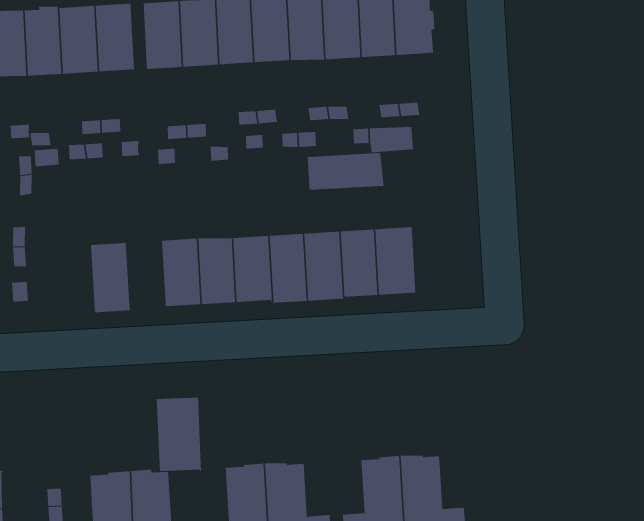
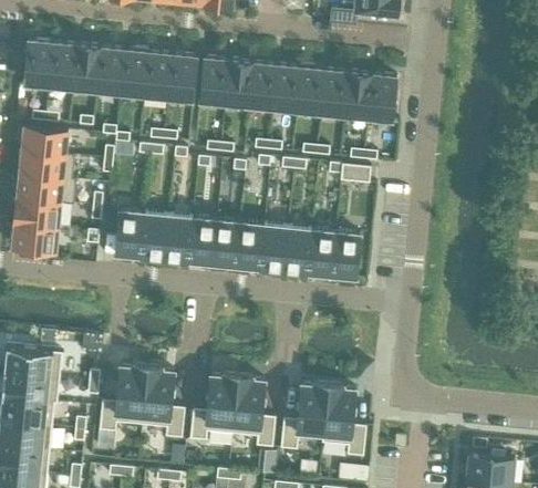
building: [307,152,384,191] -> none
building: none -> [164,215,192,262]
building: none -> [115,210,144,258]
building: [156,397,202,472] -> none

